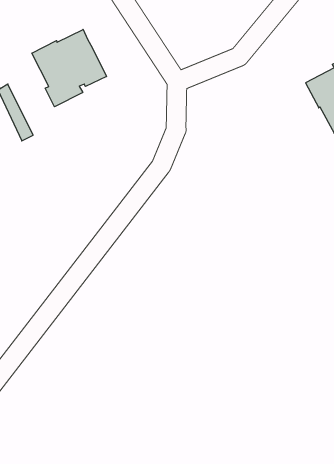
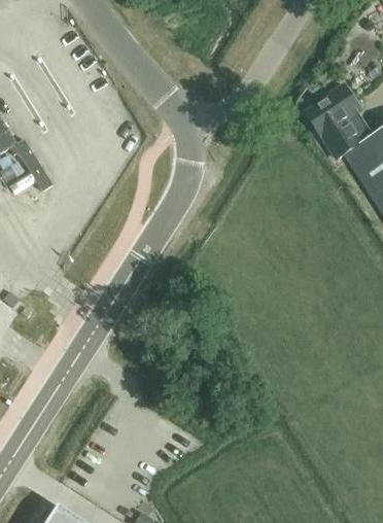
building: [32,29,106,107] -> none

